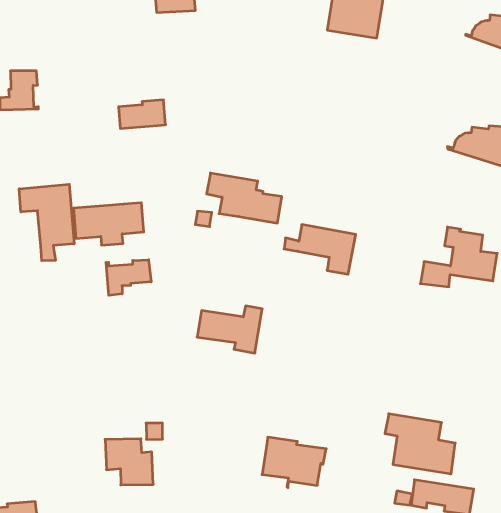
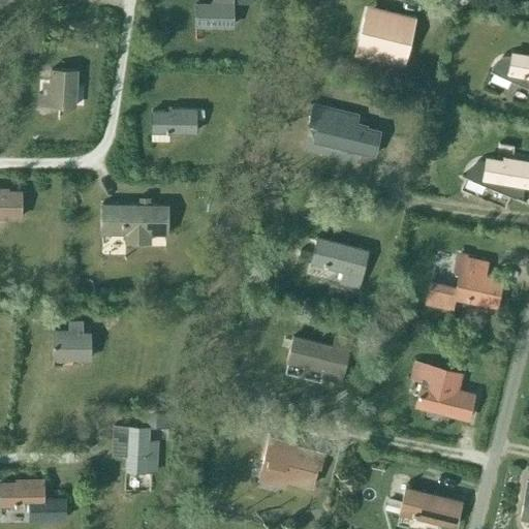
building: [207,173,282,223] -> [310,104,381,157]
building: [19,184,74,261] -> none
building: [106,260,151,295] -> none
building: [197,306,262,353] -> [288,337,352,382]
building: none -> [55,322,91,360]
building: [385,414,455,474] -> [410,361,476,423]

